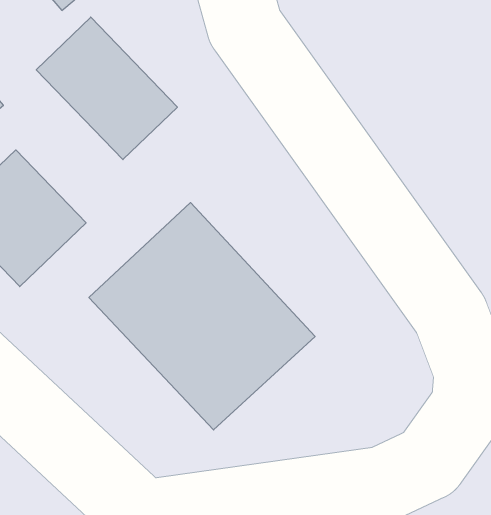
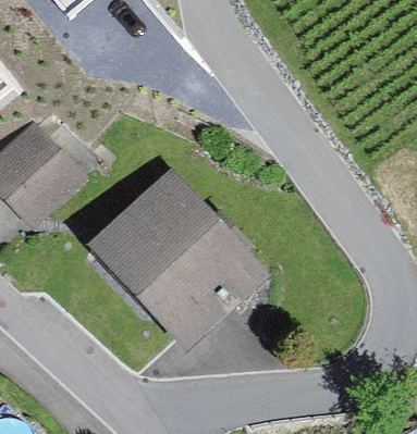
building: [36,17,177,160] -> none

